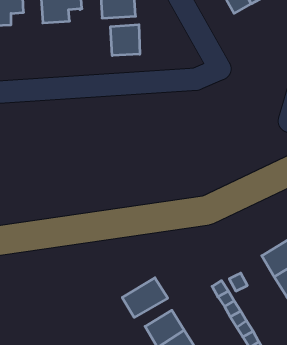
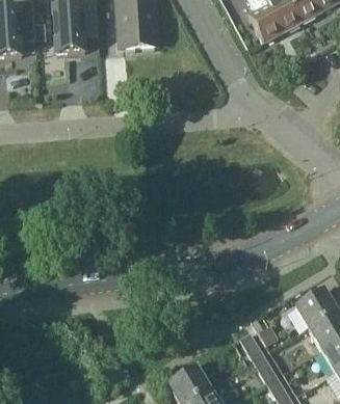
building: [111,25,140,56] -> none
building: [122,278,168,317] -> none

